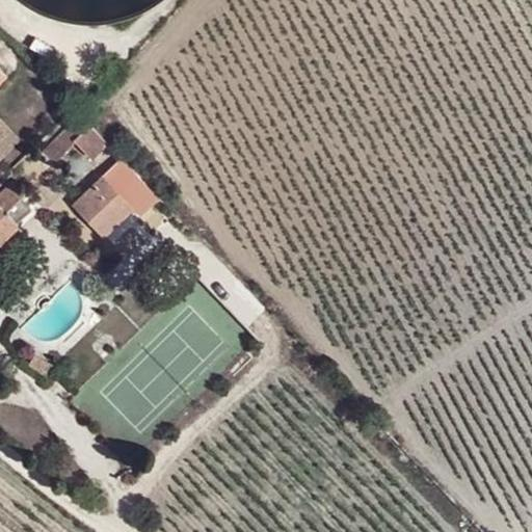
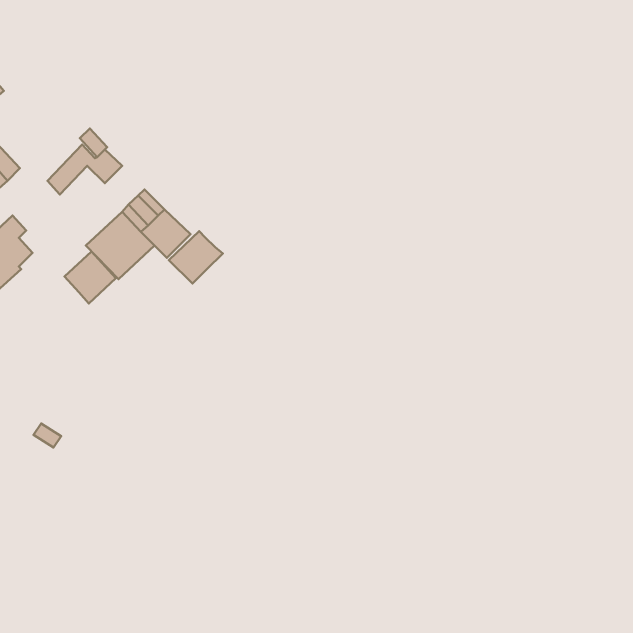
building: none -> [169,231,223,284]
building: none -> [65,251,116,303]

